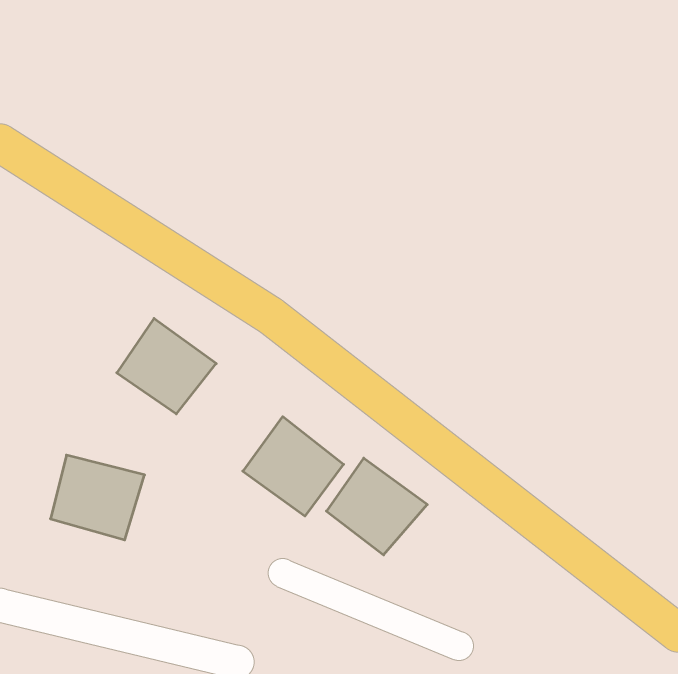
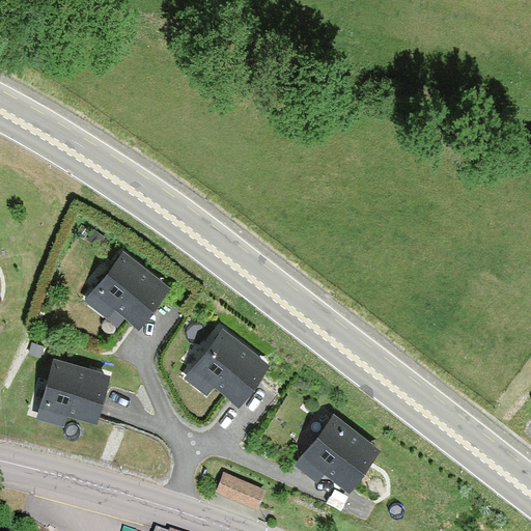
building: [326,458,427,555] -> [303,415,382,491]
building: none -> [220,478,270,514]

